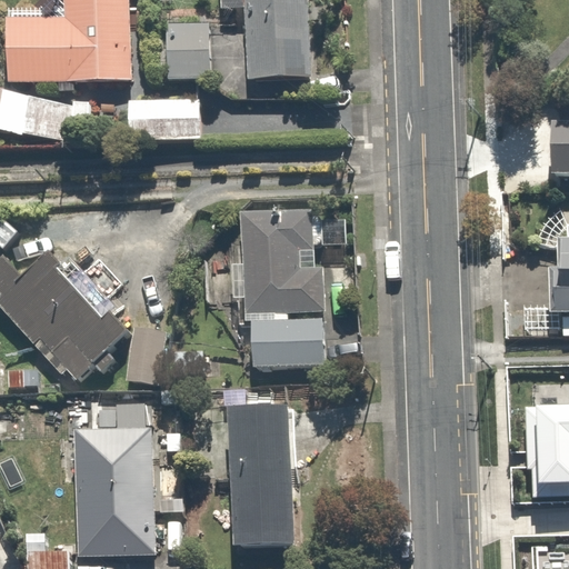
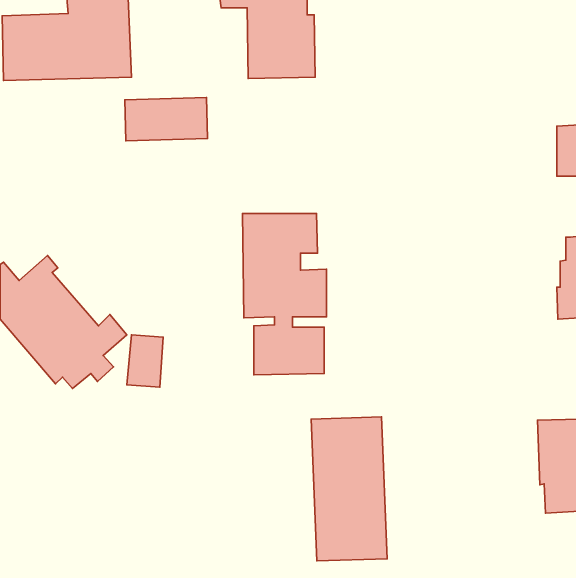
building: [164,24,213,76] -> none
building: [226,405,300,546] -> [311,417,387,561]
building: [72,427,158,557] -> none

